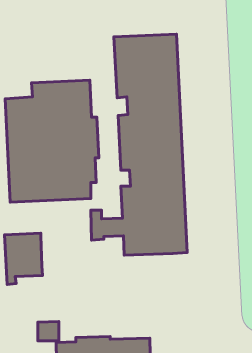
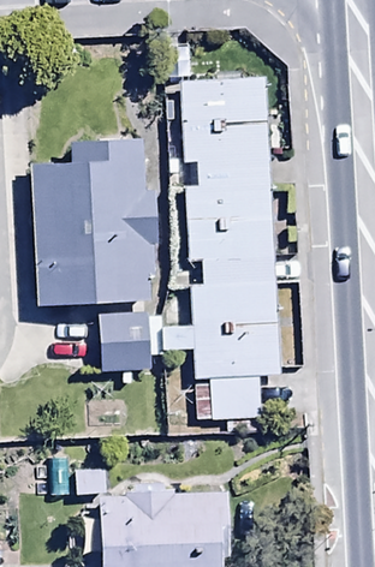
building: [5,233,43,284] -> [97,312,149,382]
building: none -> [192,375,282,419]

